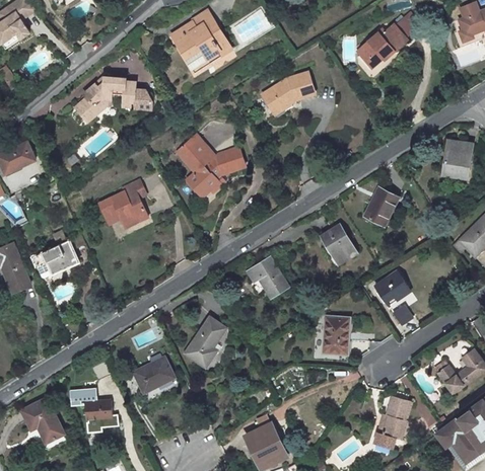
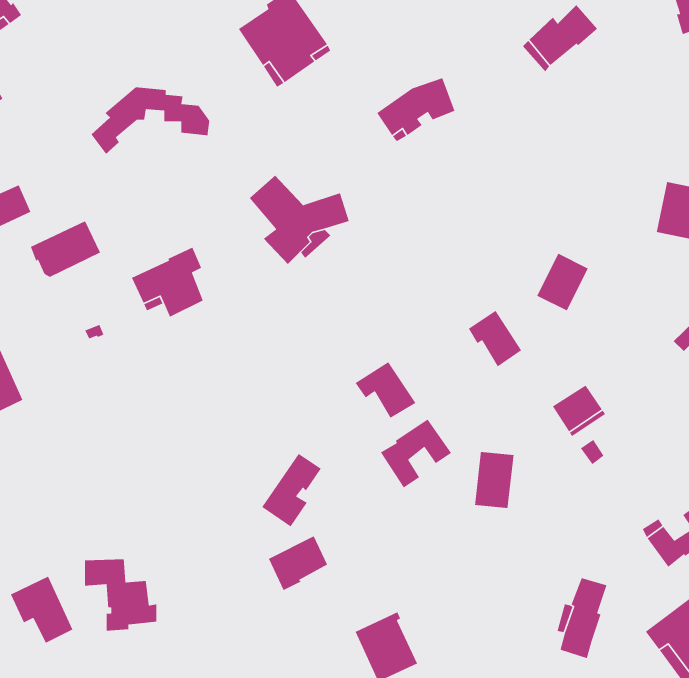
building: [31,240,78,278] -> [30,220,101,278]
building: none -> [380,418,452,488]
building: [134,357,174,393] -> [268,535,328,591]

